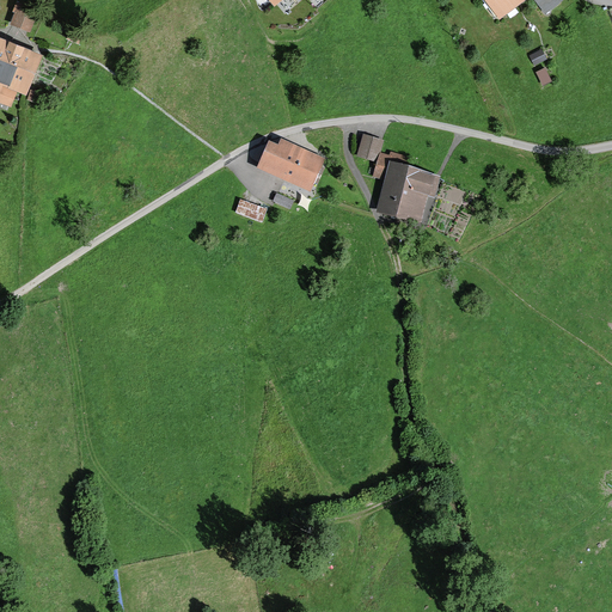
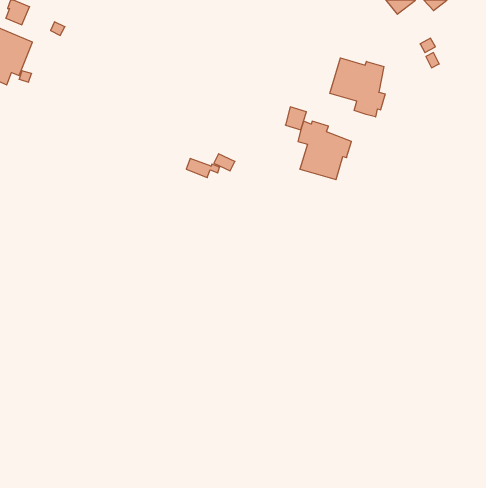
building: none -> [330,58,385,117]
building: [253,137,325,192] -> none

